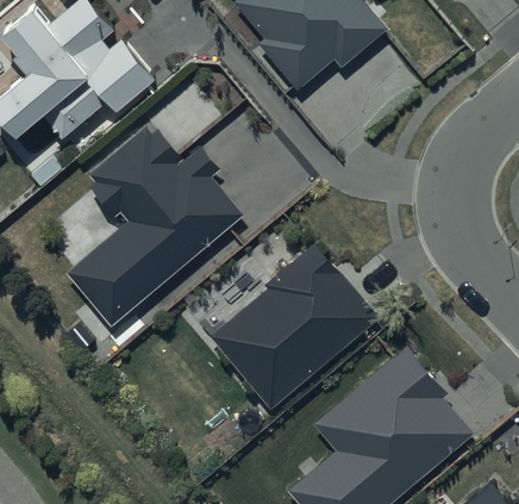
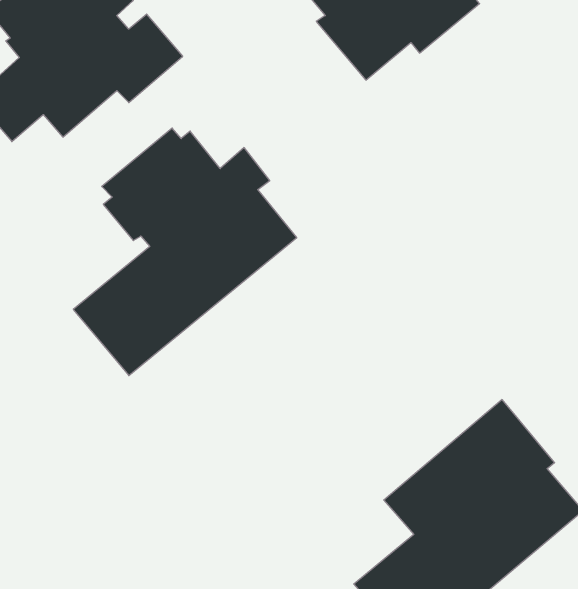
building: [212,243,376,406] -> none

